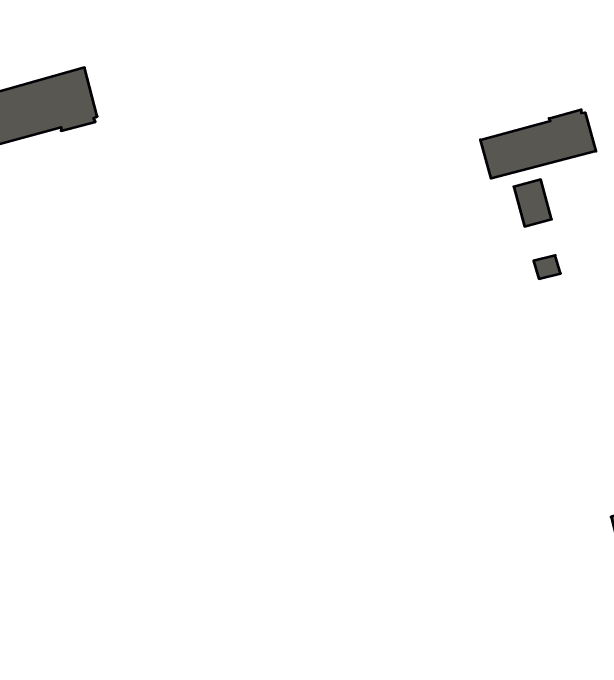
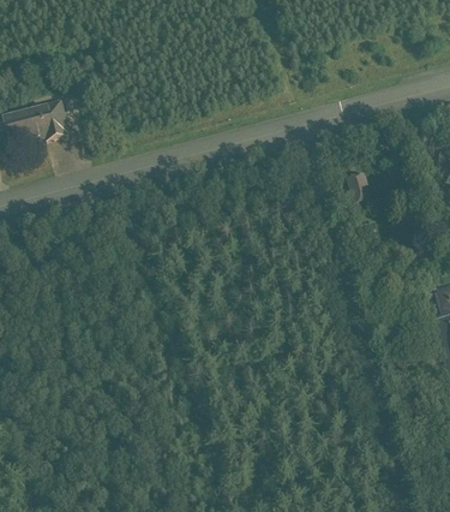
building: [480,110,596,178] -> none

